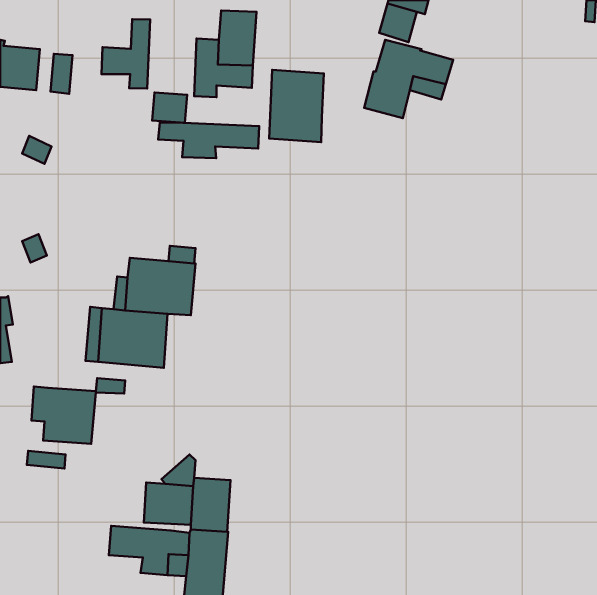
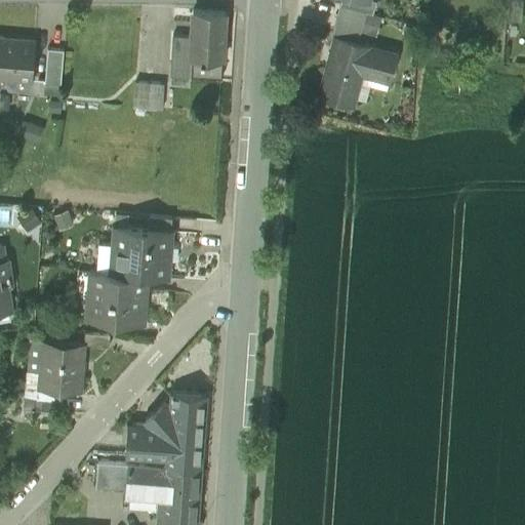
building: [102,19,150,89] -> none
building: [269,70,324,142] -> none
building: [158,123,259,158] -> none
building: none -> [171,395,205,423]

